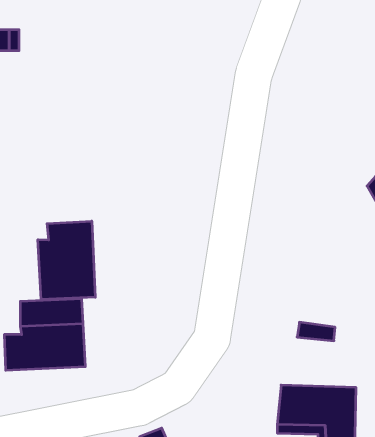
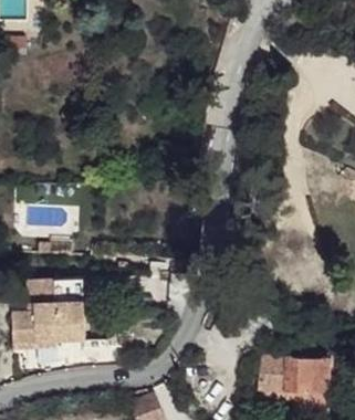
building: [38,221,95,299] -> none

